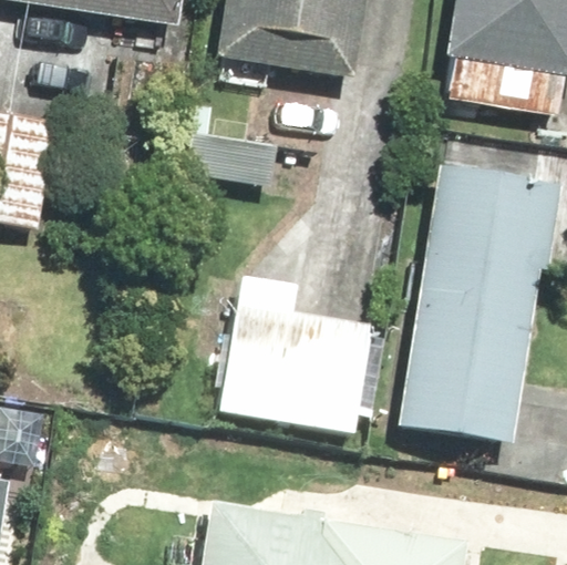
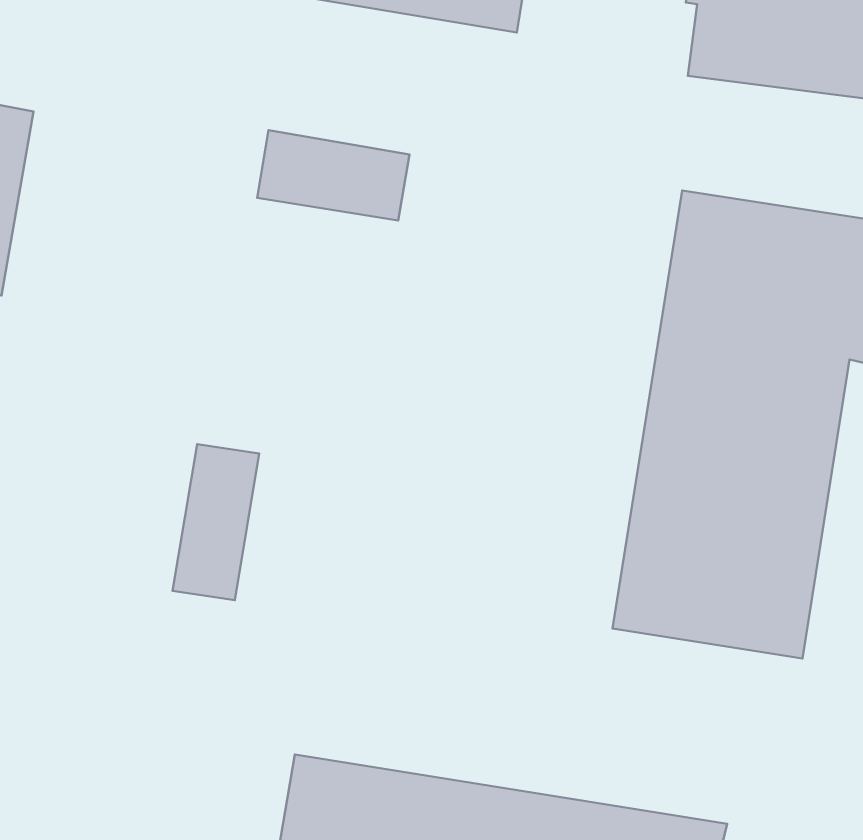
building: [219,277,377,434] -> none

